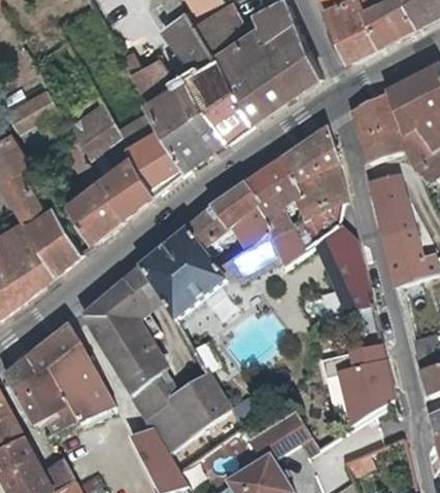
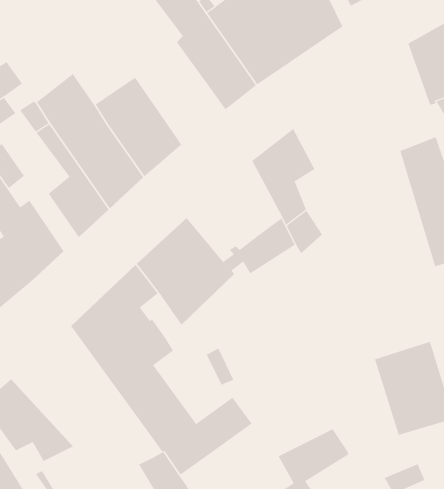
building: [123,59,225,169] -> none
building: [351,95,399,162] -> none
building: [281,128,352,223] -> none
building: [187,186,267,250] -> none
building: [319,228,376,314] -> none
building: [30,327,116,419] -> none

